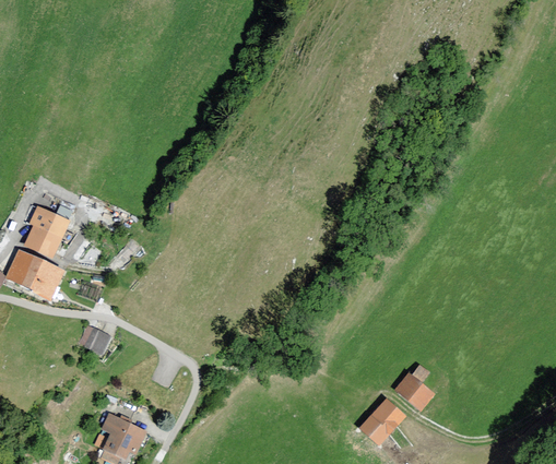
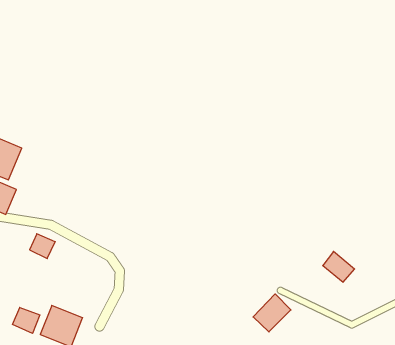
building: [397,371,436,409] -> [323,251,355,282]
building: none -> [12,307,40,333]

